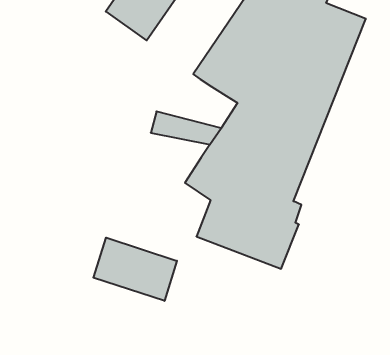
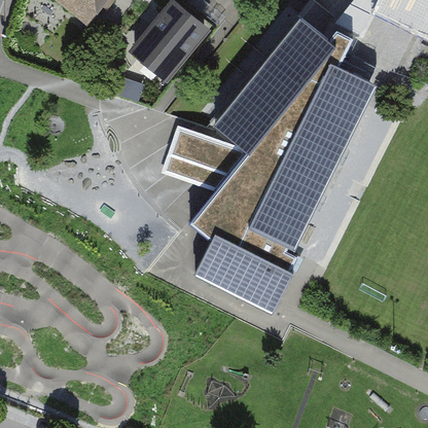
building: none -> [171,124,248,174]
building: [93,238,177,301] -> none

